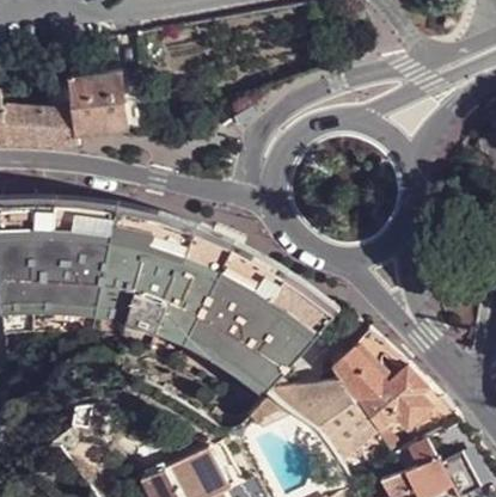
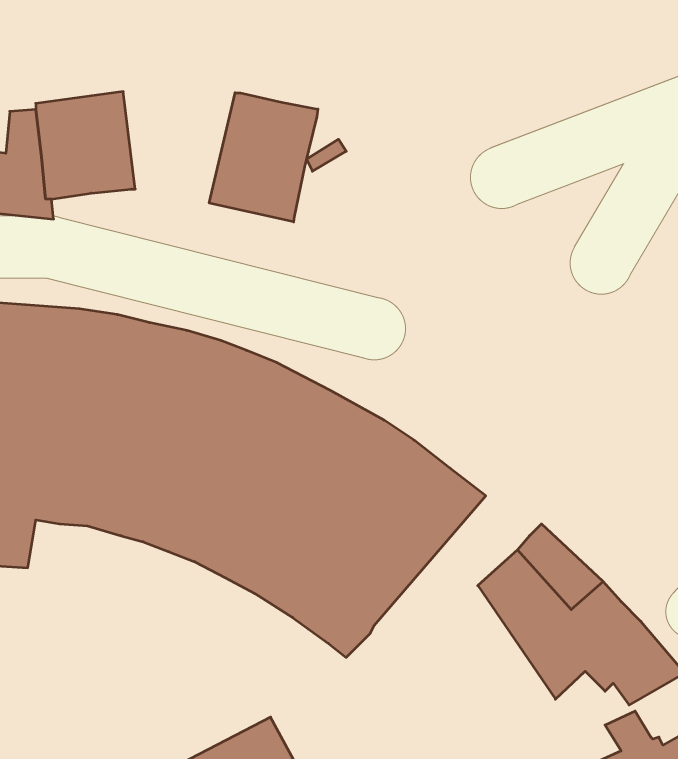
building: none -> [209,93,318,222]
building: [267,379,375,464] -> none

